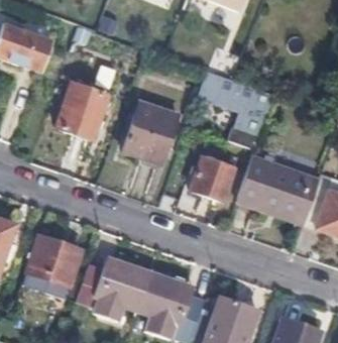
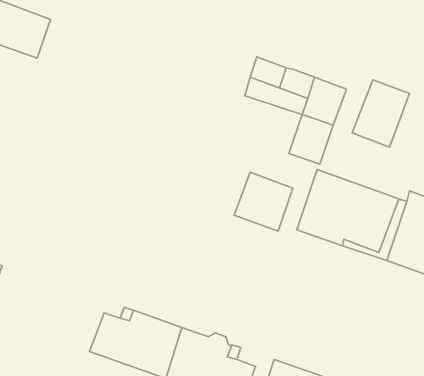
building: [57,83,107,139] -> none
building: none -> [352,80,409,147]
building: [122,100,178,163] -> none
building: [23,236,80,299] -> none

